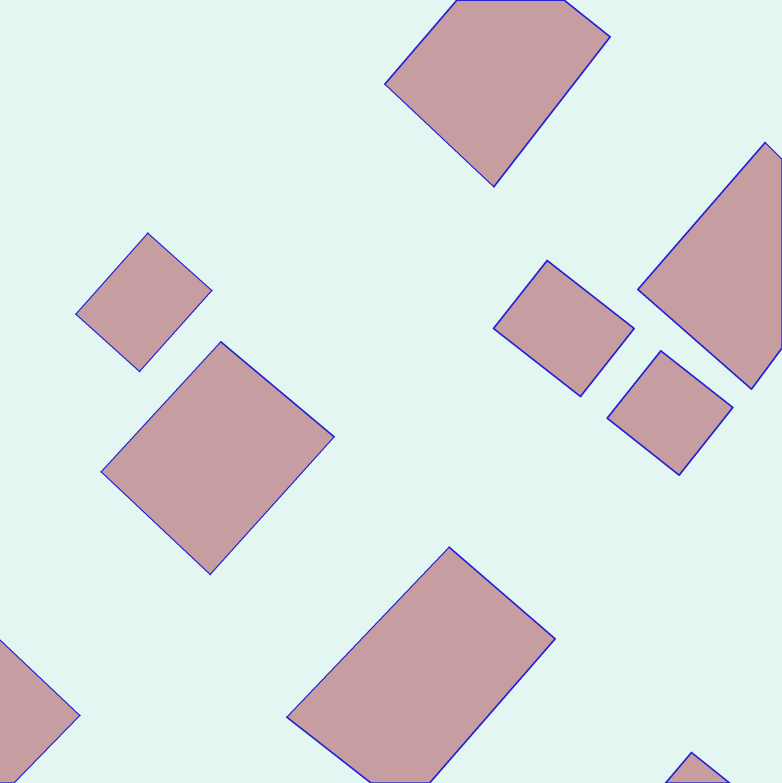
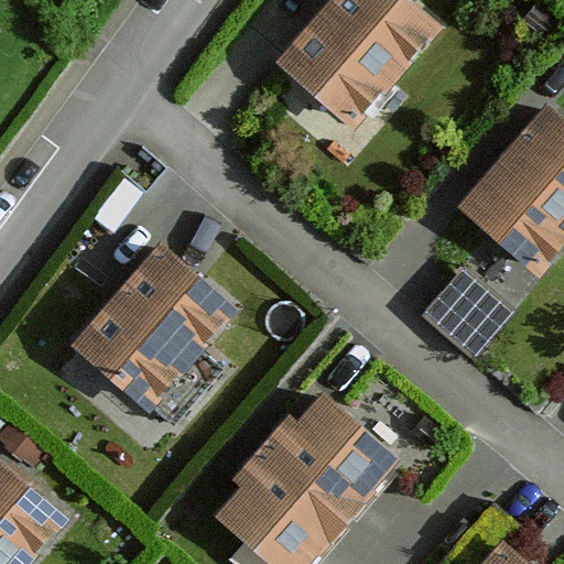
building: [76,233,212,372] -> none
building: [493,260,634,396] -> none

